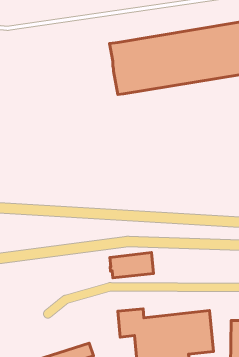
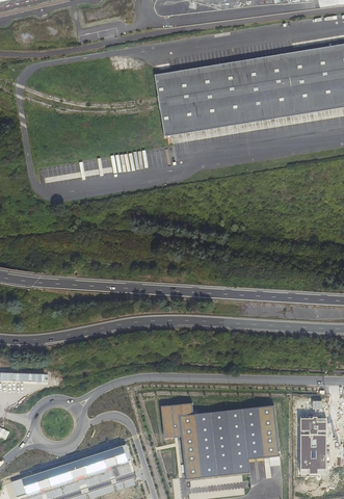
building: [110,252,154,278] -> none

